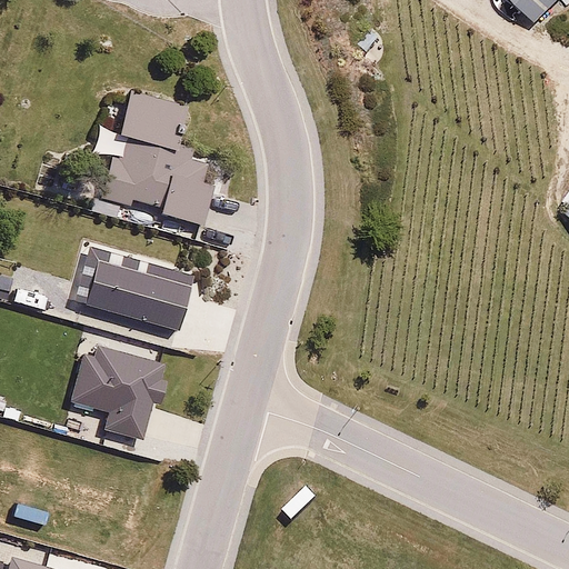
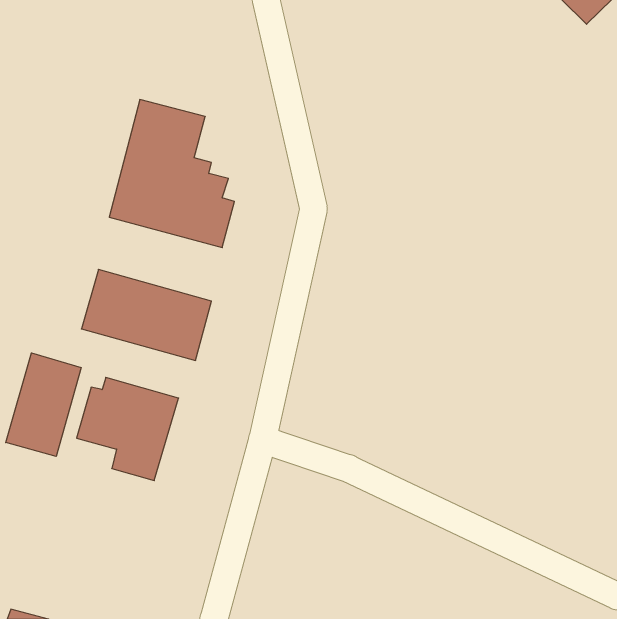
building: none -> [6,353,81,456]

